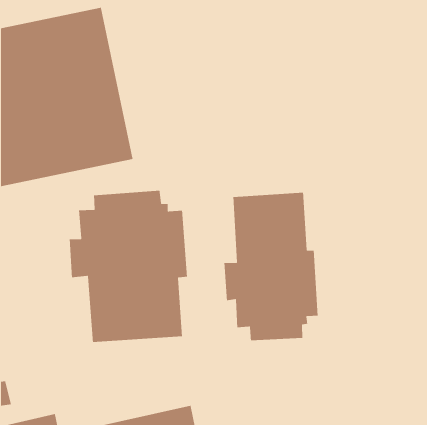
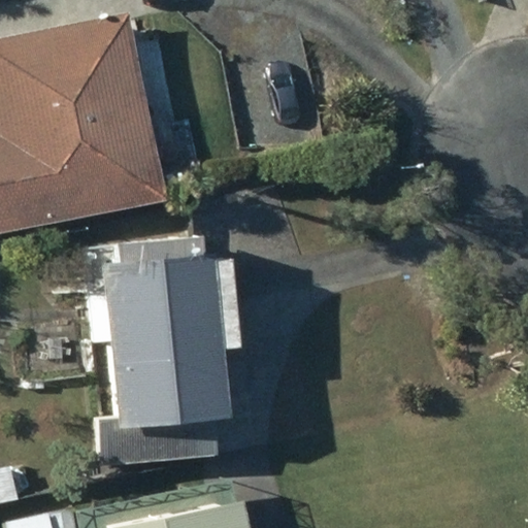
building: [224,192,318,341] -> none

